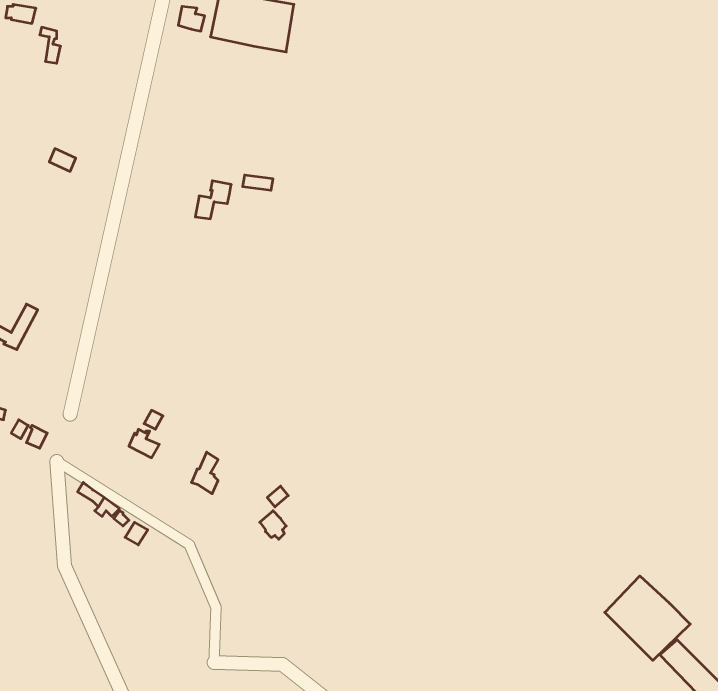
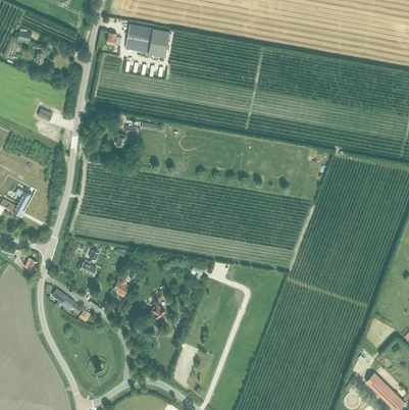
building: [605,576,690,660] -> none

